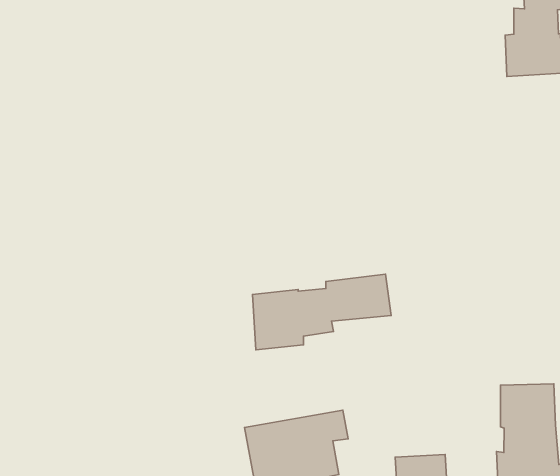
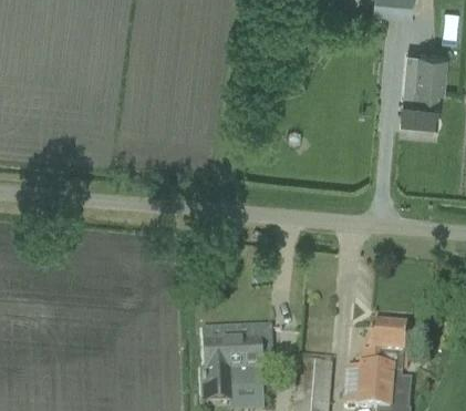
building: [253,274,391,350] -> none

